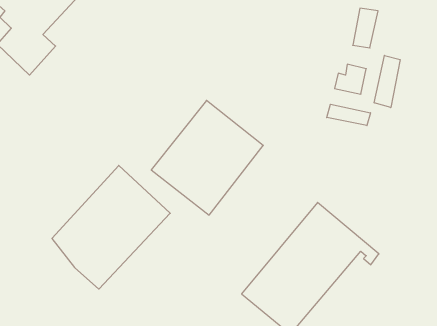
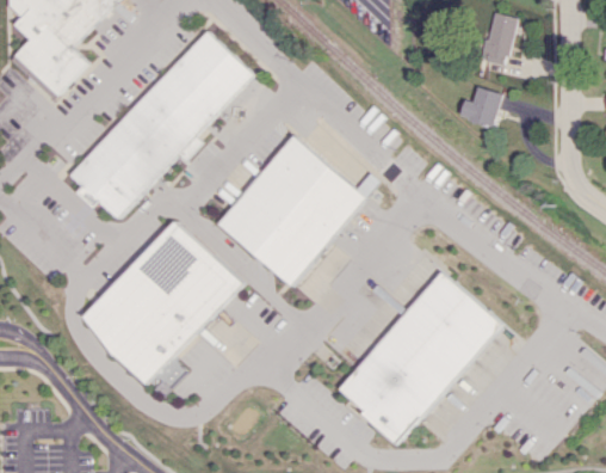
building: none -> [75,32,253,215]
building: [374,55,400,108] -> none
building: [327,104,370,126] -> none

